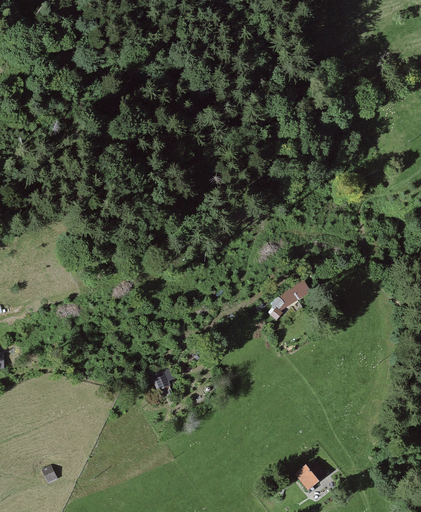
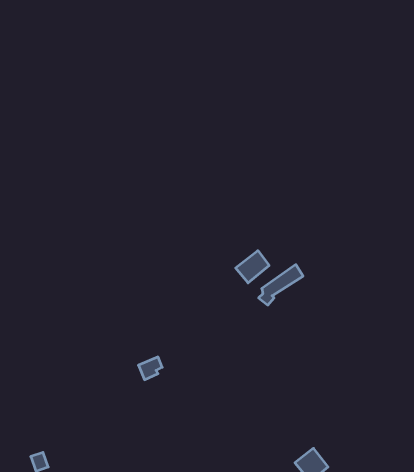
building: none -> [236,251,269,283]

